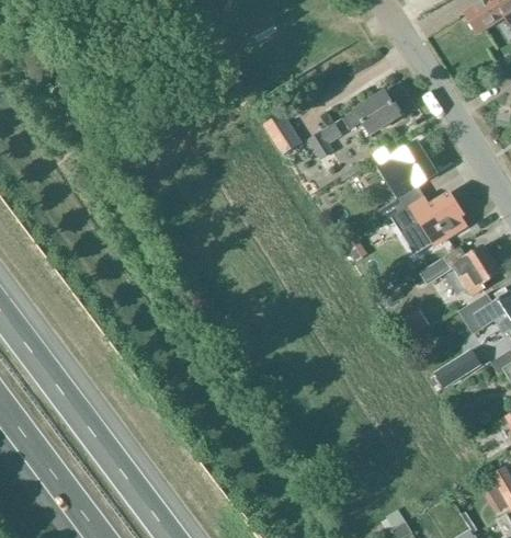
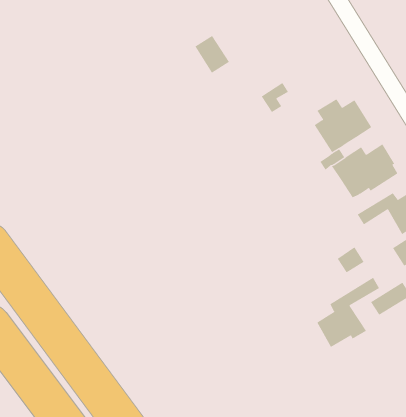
building: [342,90,400,134] -> none
building: [262,111,303,154] -> [194,35,230,73]
building: none -> [317,277,380,348]

